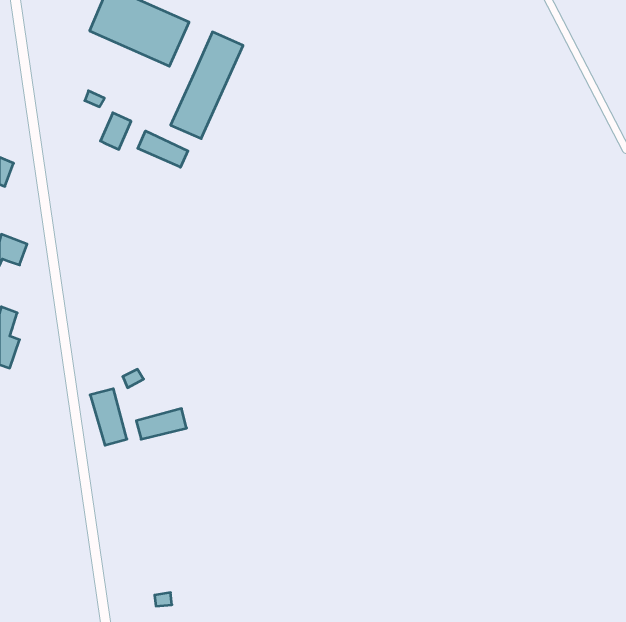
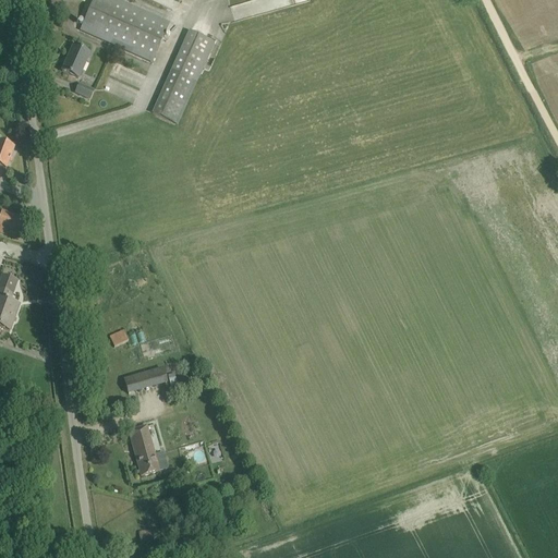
building: [100,113,131,149] -> [61,43,88,75]
building: [138,131,188,167] -> none
building: [90,389,127,445] -> [126,423,159,473]

